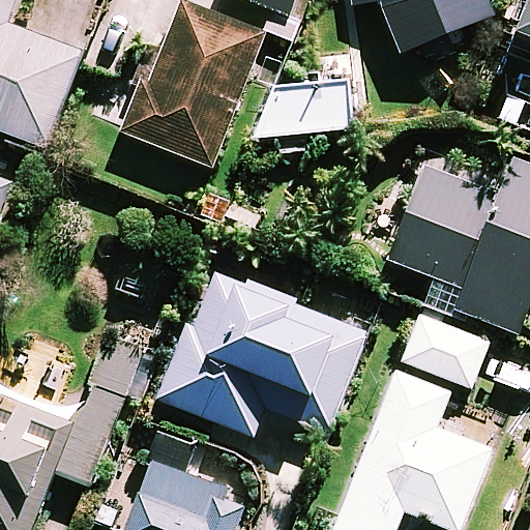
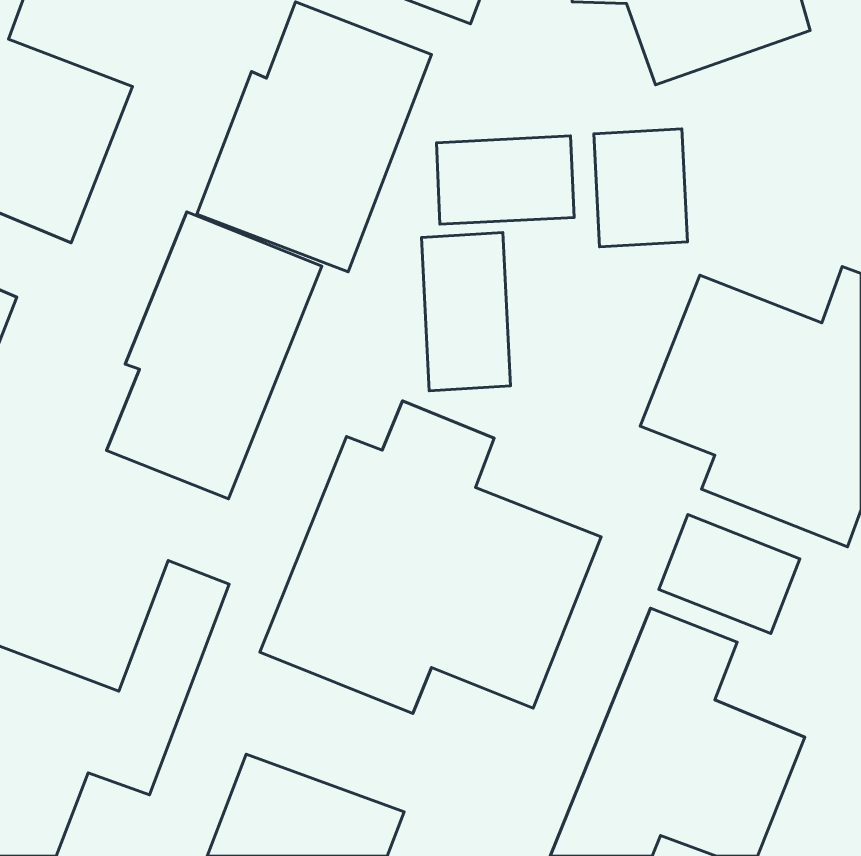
building: none -> [594,129,688,247]
building: none -> [107,212,322,499]
building: none -> [422,233,511,391]

